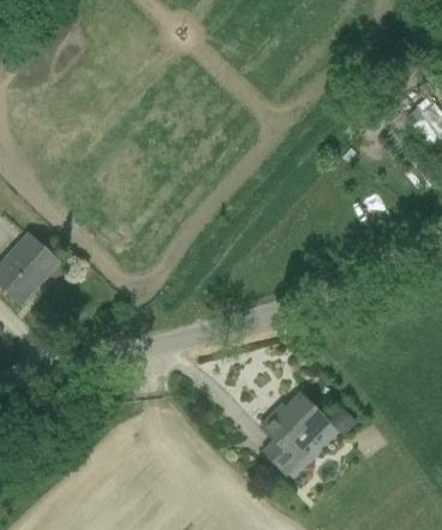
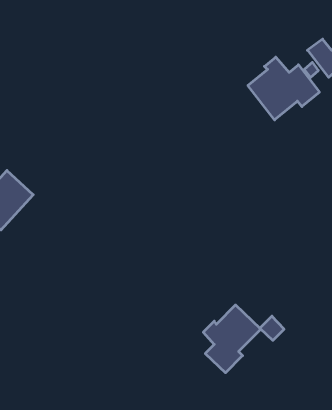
building: none -> [248,57,319,120]

